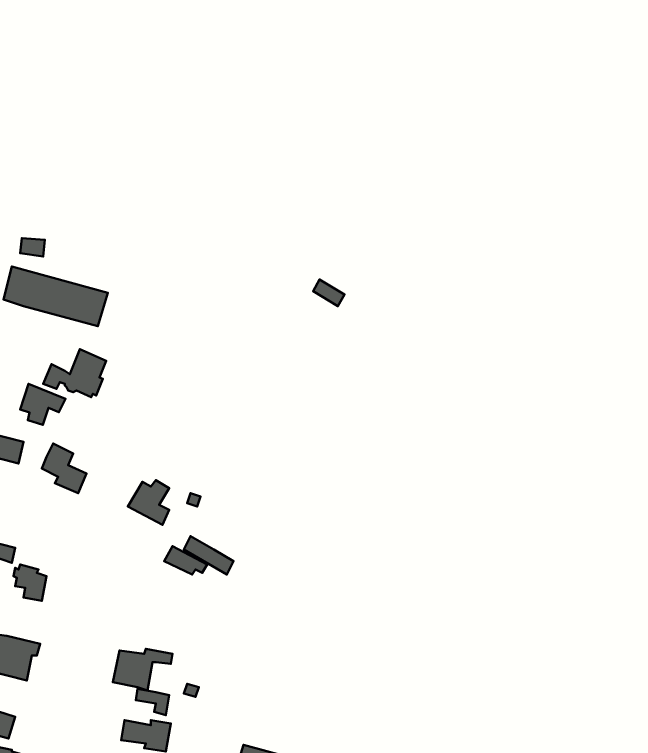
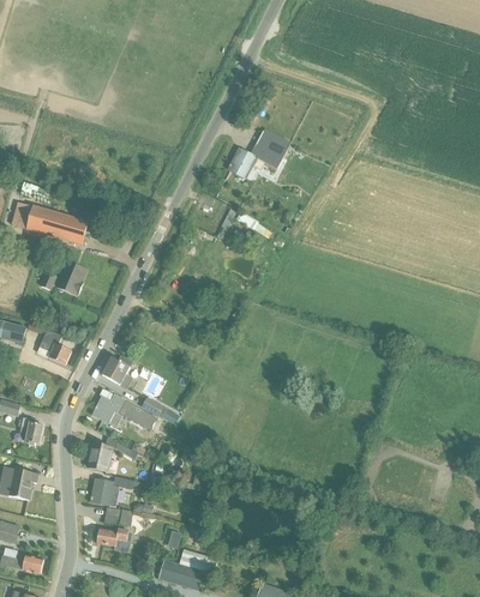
building: none -> [227,131,287,179]
building: [20,384,65,425] -> none
building: none -> [91,394,124,428]
building: none -> [88,438,118,471]

